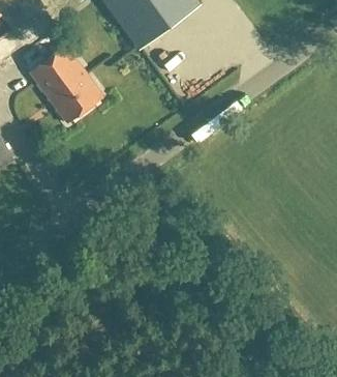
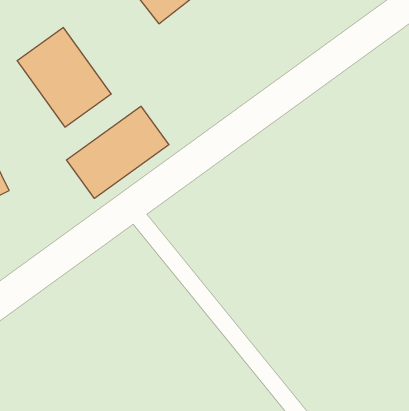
building: none -> [66,106,169,198]

